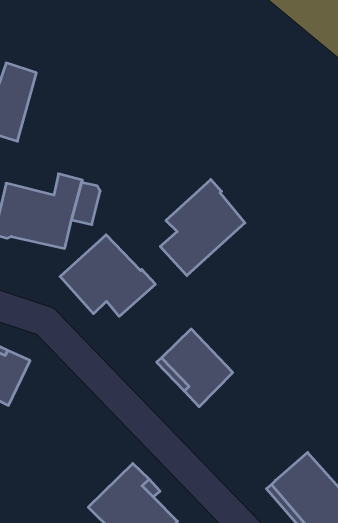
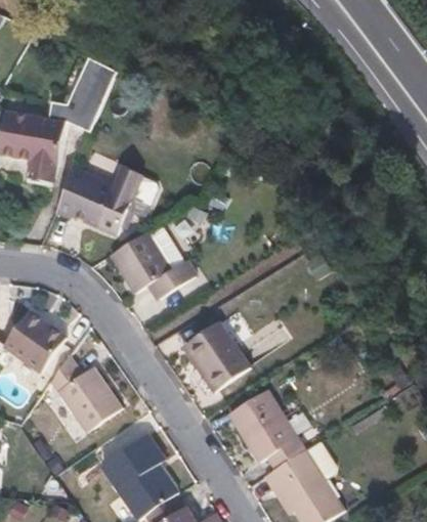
building: [160,179,245,276] -> none
building: none -> [227,389,304,469]
building: none -> [47,357,120,435]

